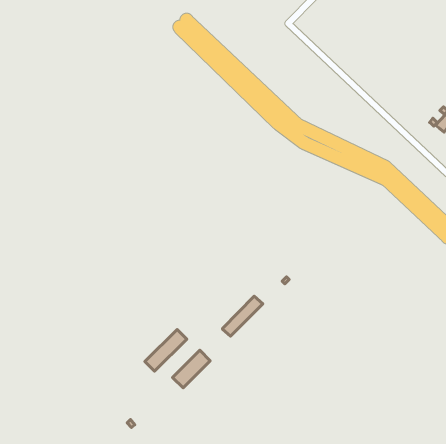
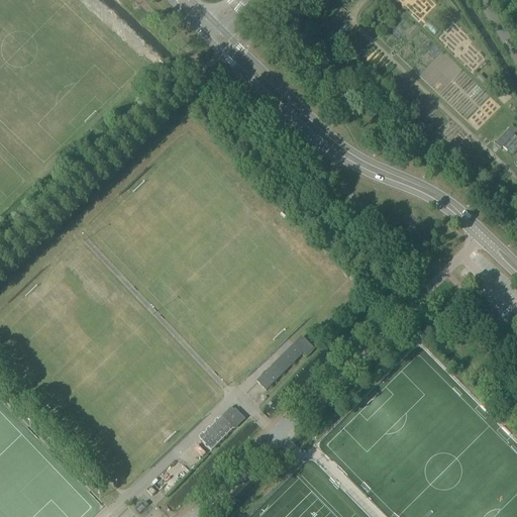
building: [145,330,187,371] -> none

